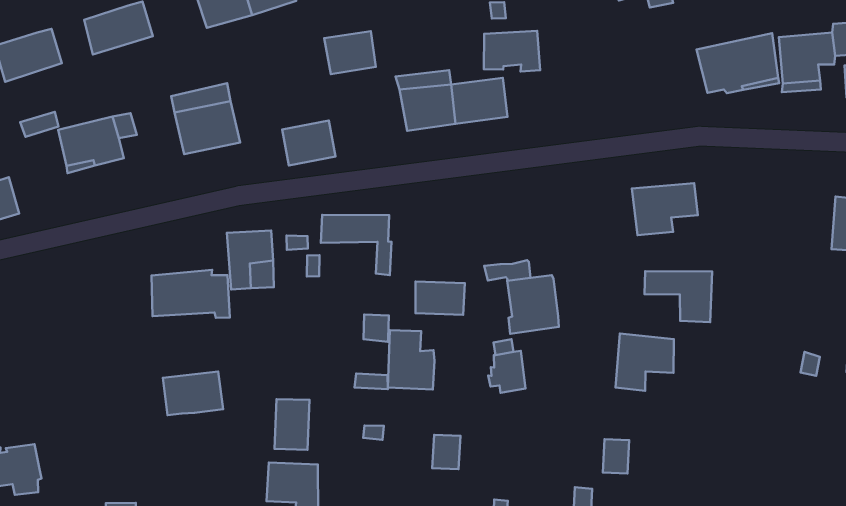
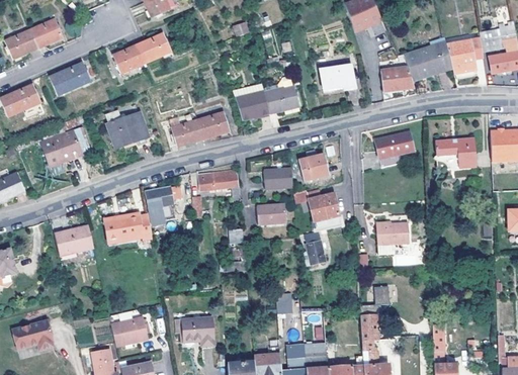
building: [484,31,540,71] -> [321,64,355,89]
building: [324,31,376,74] -> [196,112,228,139]
building: none -> [380,56,414,91]
building: none -> [298,149,329,181]
building: none -> [264,168,292,189]
building: [644,271,712,322] -> [436,137,477,168]
building: none -> [55,226,93,254]
building: [388,330,434,390] -> none
building: [163,372,223,415] -> [110,317,147,346]
building: [275,399,309,450] -> none

